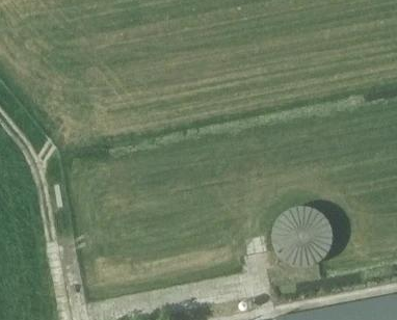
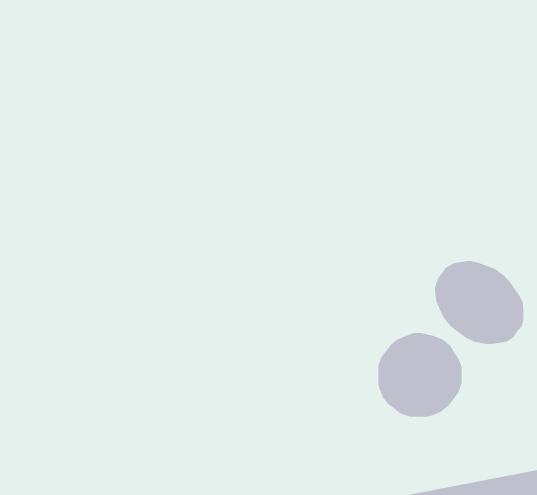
building: none -> [434,260,524,345]

